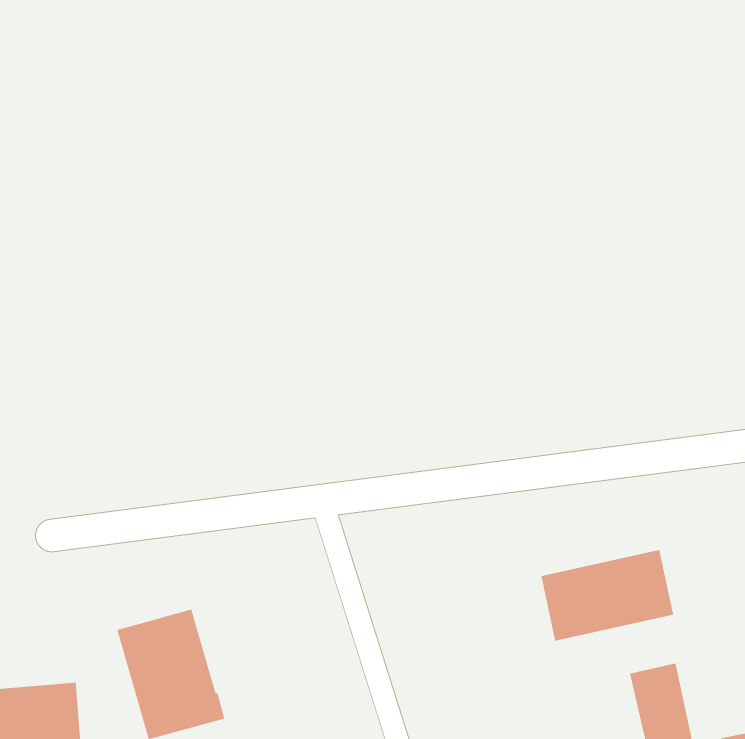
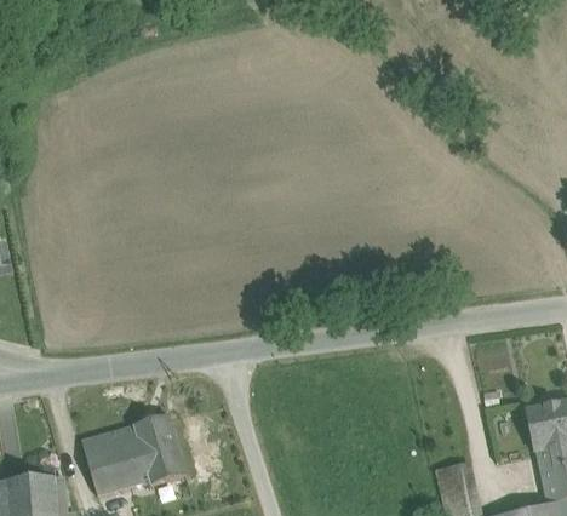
building: [541,549,674,642] -> none
building: none -> [133,414,185,482]

